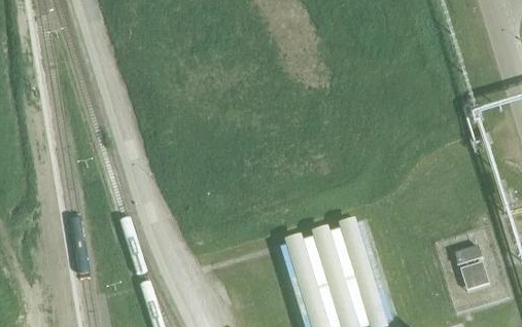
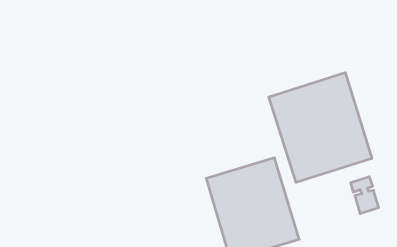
building: none -> [269,73,372,182]

